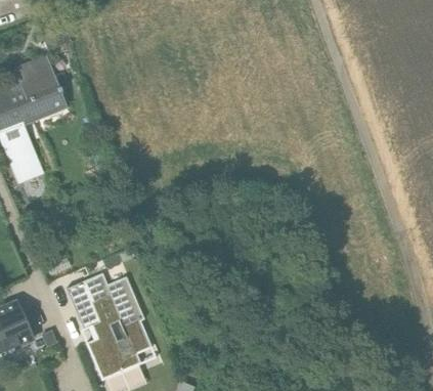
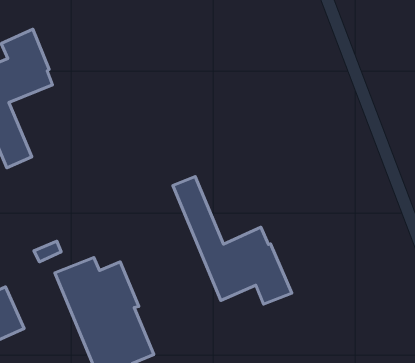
building: none -> [173,177,292,304]

